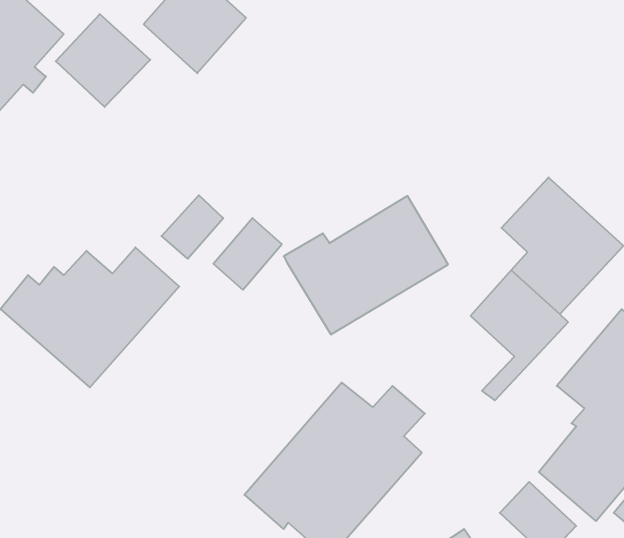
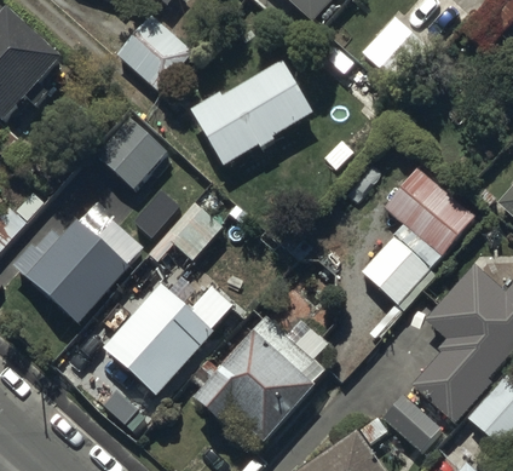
building: [56,14,150,107] -> [97,110,167,179]
building: [284,196,448,334] -> [189,63,311,166]
building: none -> [103,286,234,396]

